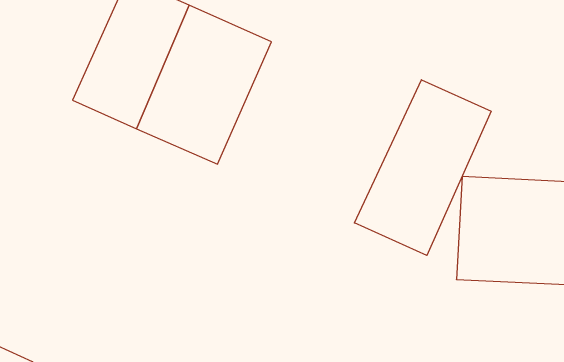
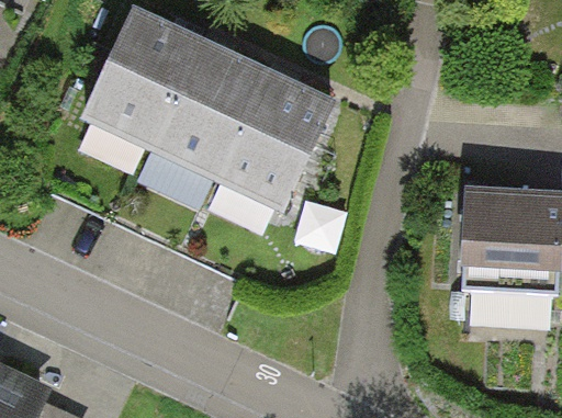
building: none -> [217,69,349,223]
building: [354,80,491,255] -> none

